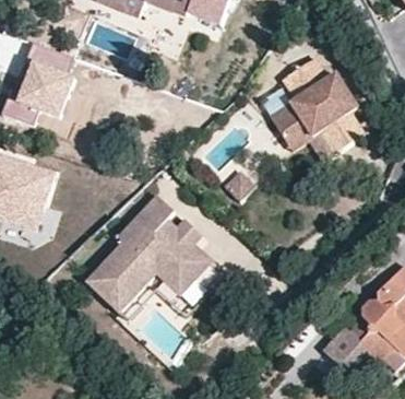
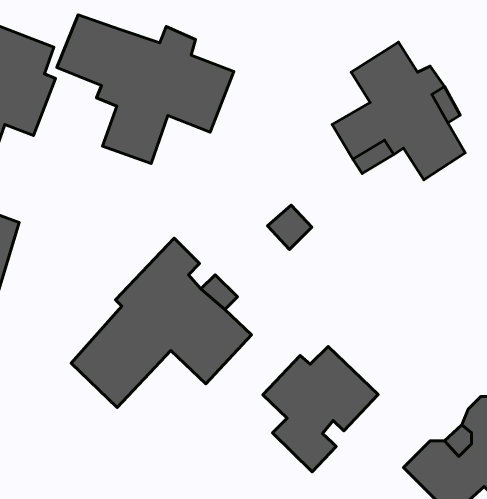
building: none -> [57,15,234,164]
building: none -> [263,347,378,472]

